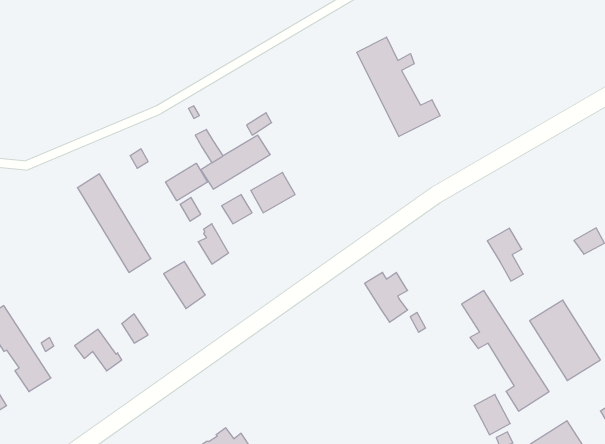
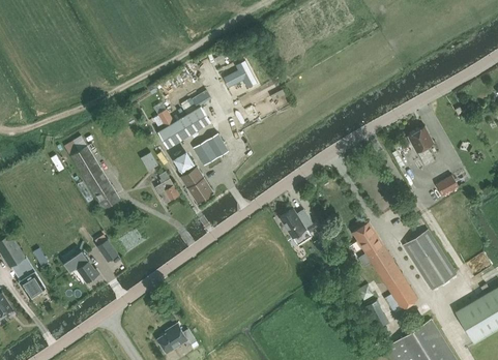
building: [357,37,440,137] -> none
building: none -> [224,60,256,87]
building: [166,163,207,201] -> none
building: [487,228,523,281] -> [408,126,435,166]
building: [164,261,205,309] -> [181,168,212,203]

